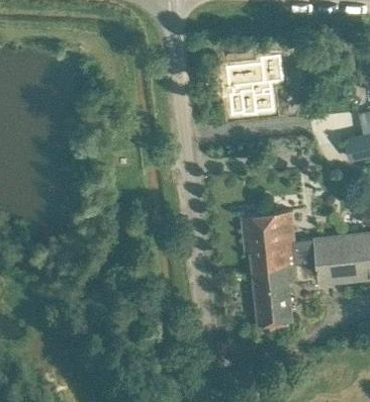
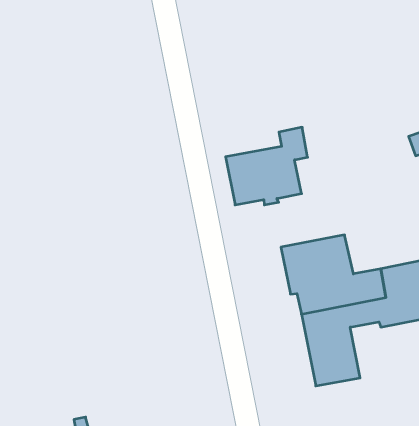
building: [227,55,290,111] -> [226,127,308,205]

